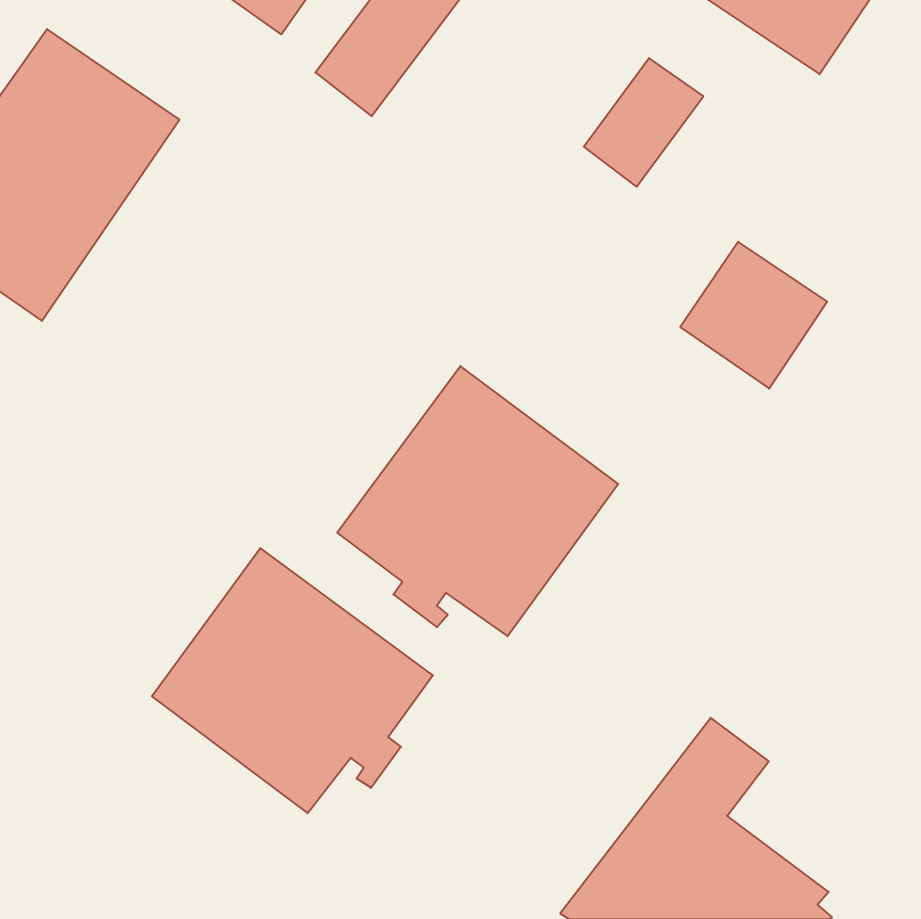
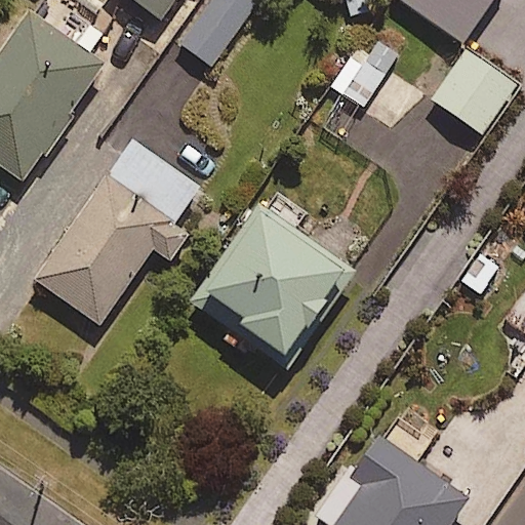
building: [680,242,827,389] -> [431,51,514,134]
building: none -> [36,143,199,324]
building: [152,548,433,813] -> none

